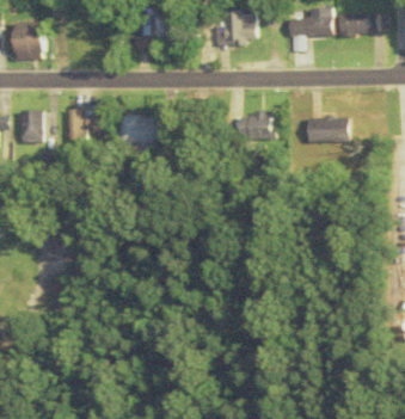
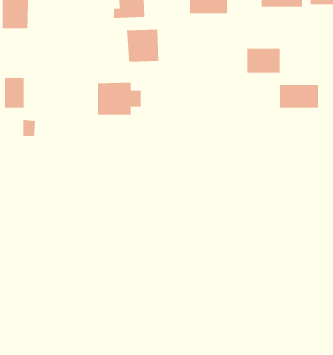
building: none -> [127,29,159,62]
building: [66,110,104,140] -> none
building: [237,113,272,140] -> [246,48,281,73]

